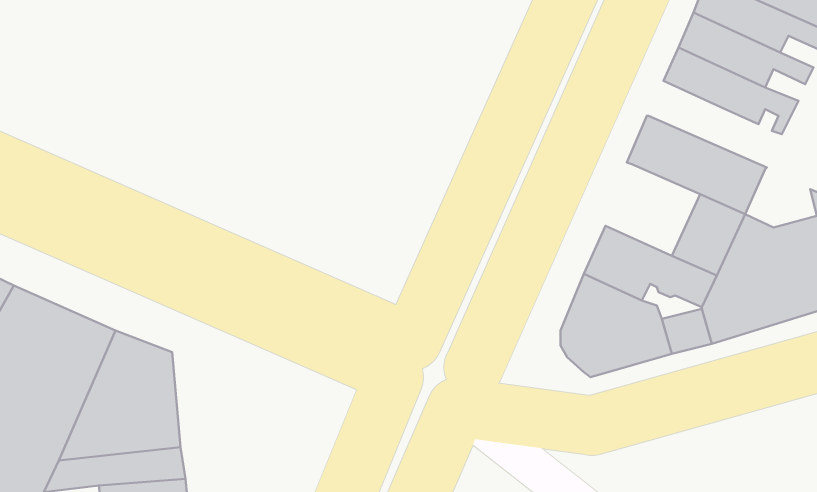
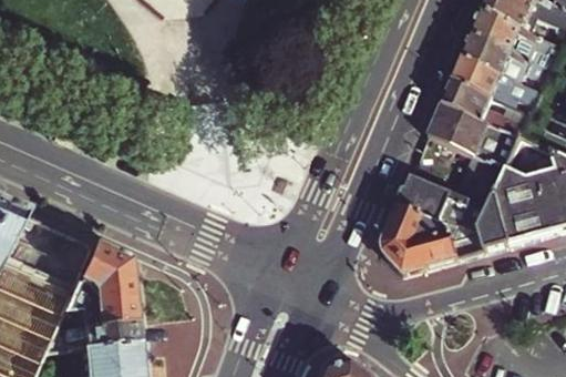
building: none -> [443,78,527,135]

